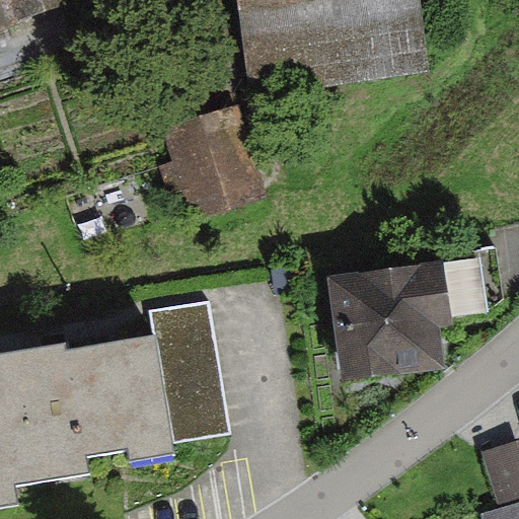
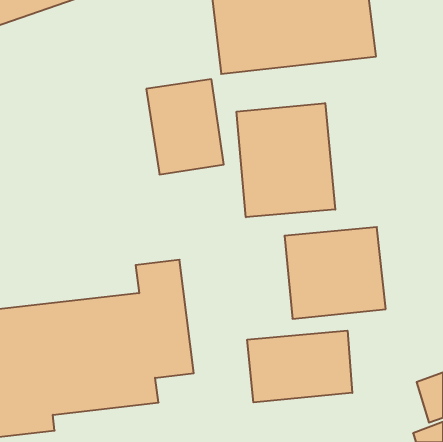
building: none -> [237,103,335,217]
building: none -> [247,331,352,402]

